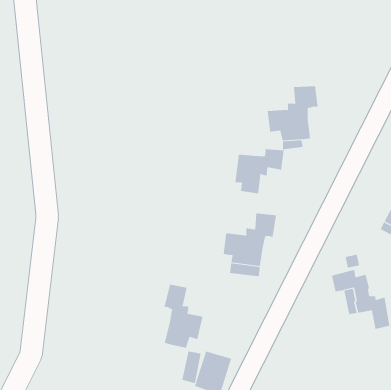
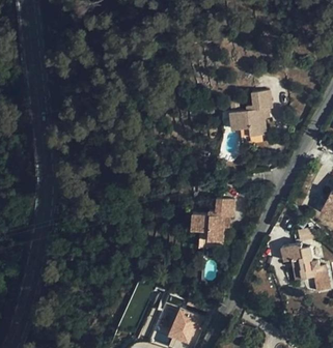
building: [235,148,284,194] -> none
building: [164,284,203,349] -> none

